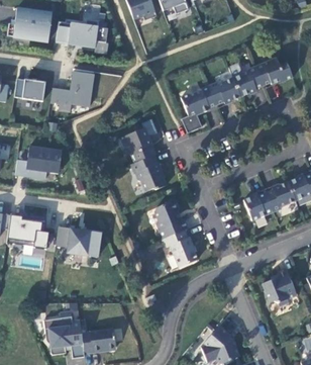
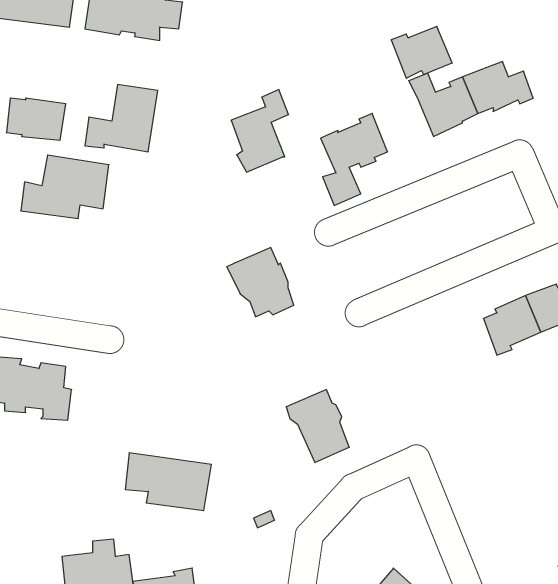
building: [207,79,239,106] -> [391,26,452,78]
building: [126,121,157,165] -> [231,90,289,172]
building: [15,145,62,178] -> [21,155,109,218]
building: [243,194,273,221] -> none
building: [153,200,186,241] -> none
building: [56,225,101,256] -> [125,453,211,511]
building: [262,271,296,306] -> none

